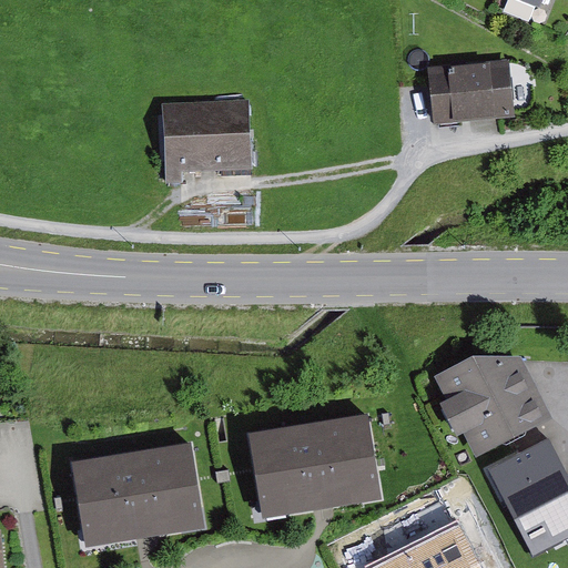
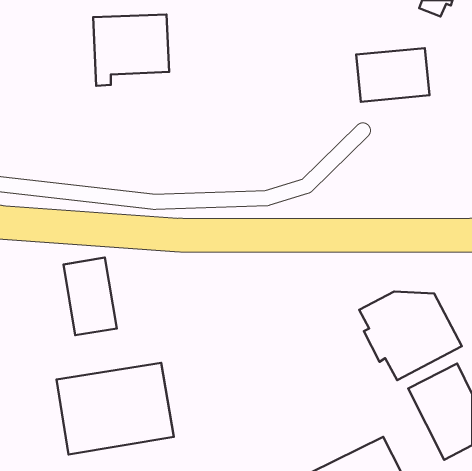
building: [161,100,252,185] -> [93,14,169,86]
building: none -> [63,258,117,335]
building: [244,408,385,521] -> none

